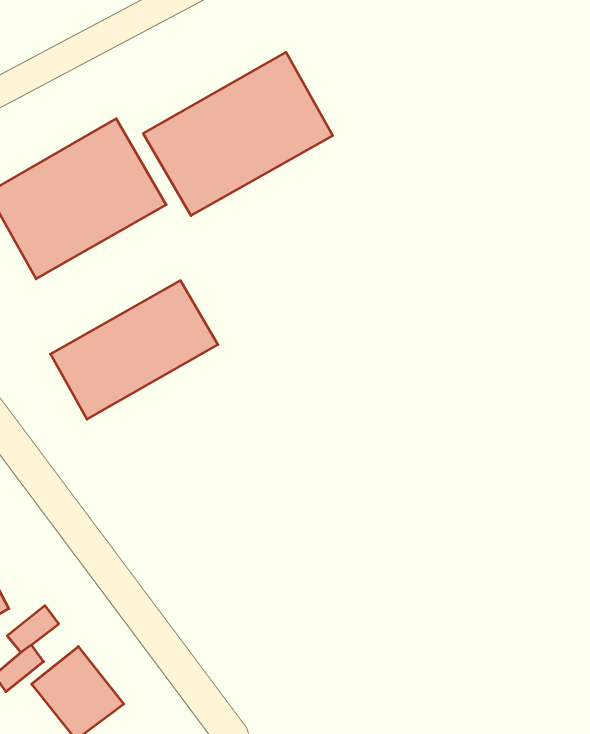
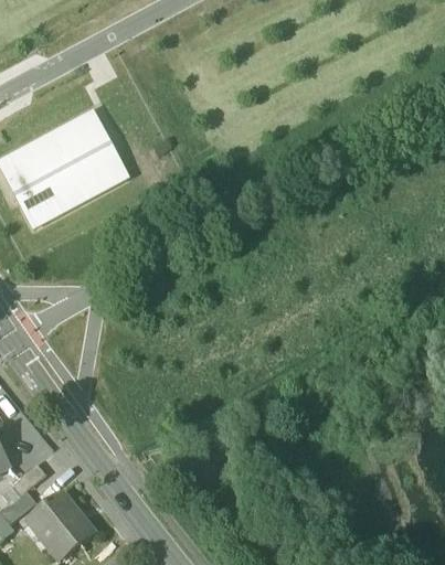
building: [143,52,333,216] -> none
building: [50,281,218,419] -> none

